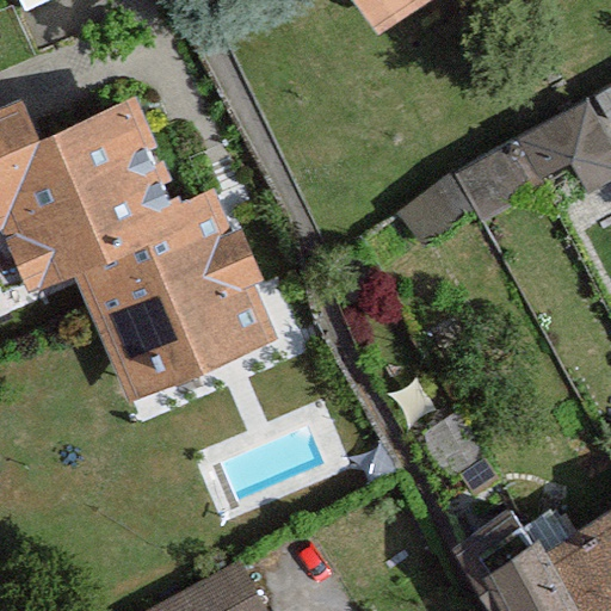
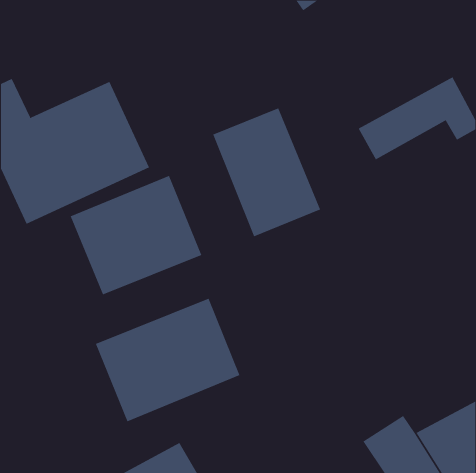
building: none -> [212,108,321,237]
building: none -> [95,298,240,422]

